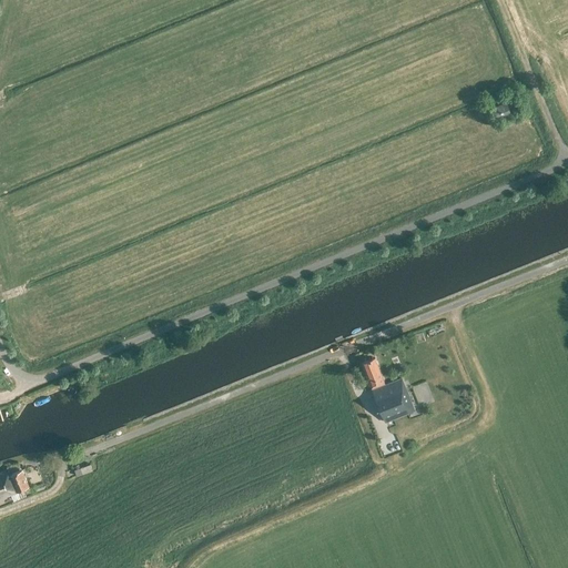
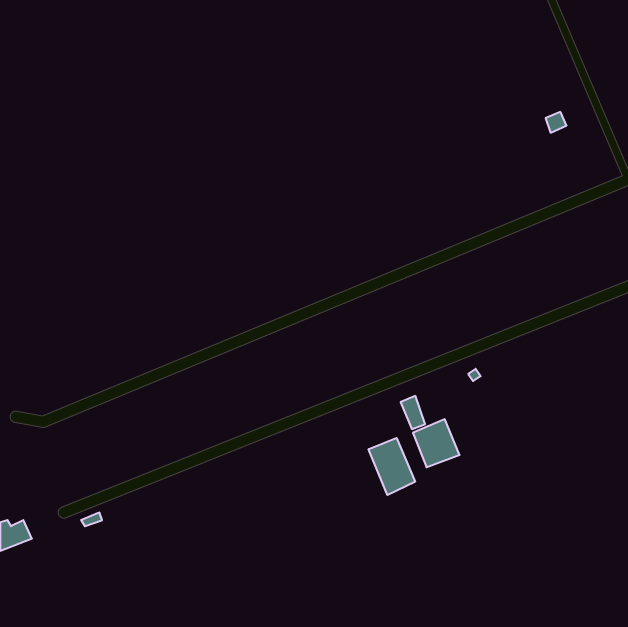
building: none -> [369,438,415,495]

